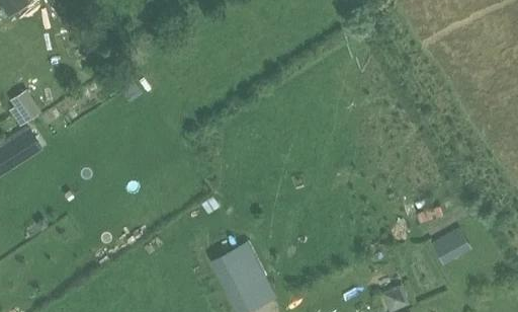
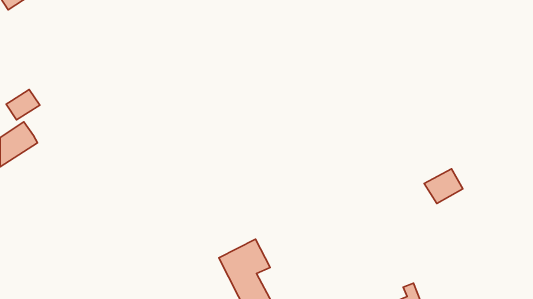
building: [431,226,468,259] -> [424,169,463,203]

